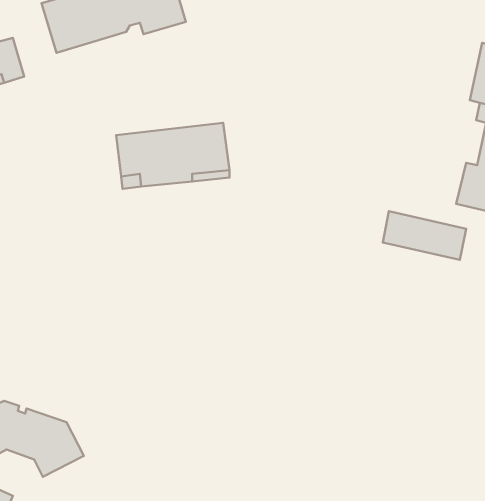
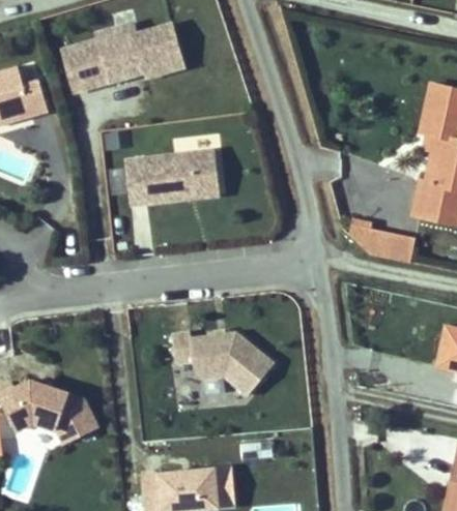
building: none -> [171,331,273,396]

